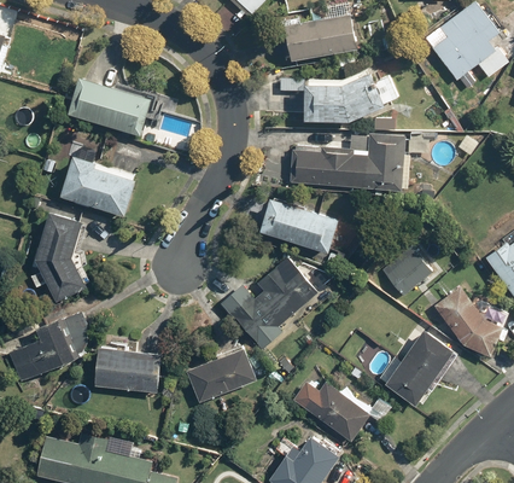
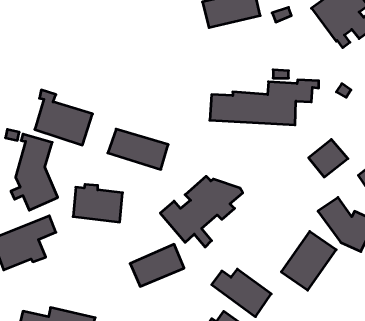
building: [279,70,398,123] -> none
building: [60,77,158,138] -> none
building: [258,199,338,252] -> [108,129,168,169]
building: [381,248,433,297] -> [309,139,348,177]
building: [94,344,159,394] -> [73,184,123,222]

